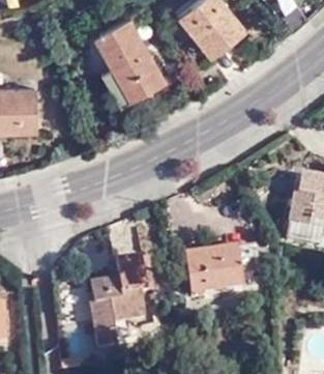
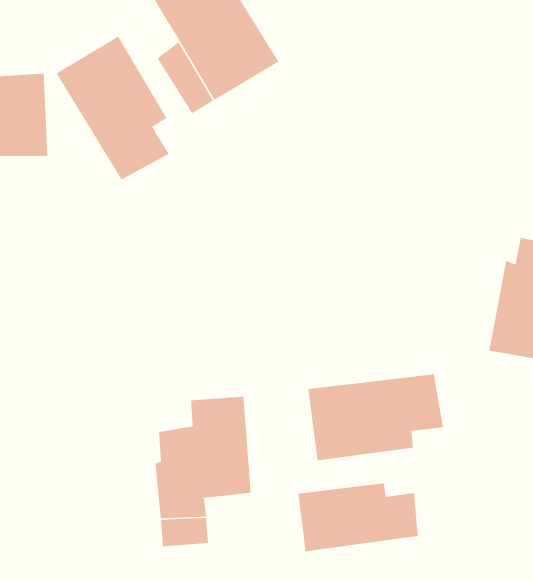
building: none -> [56,35,170,180]
building: none -> [297,482,418,552]

